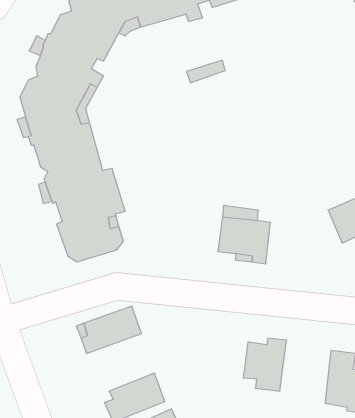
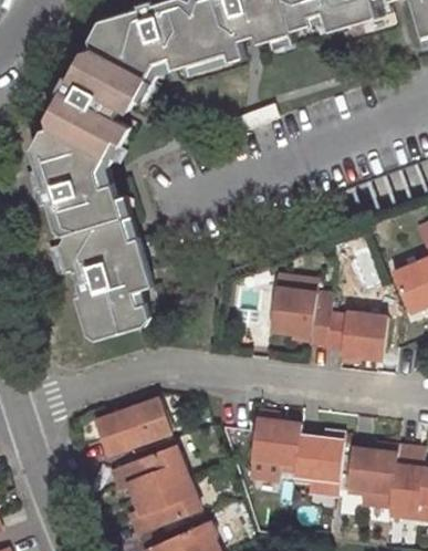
building: none -> [319,312,380,358]
building: none -> [247,412,301,480]
building: none -> [115,443,188,495]
building: none -> [344,444,395,507]

